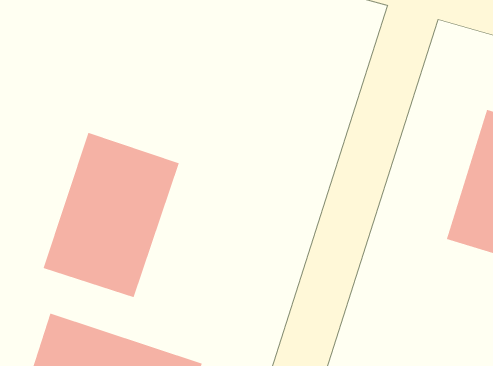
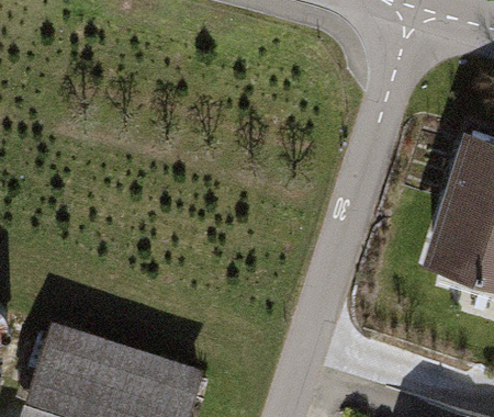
building: [42,132,180,298] -> none

